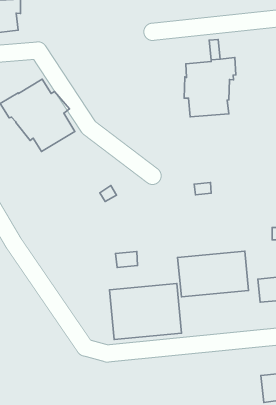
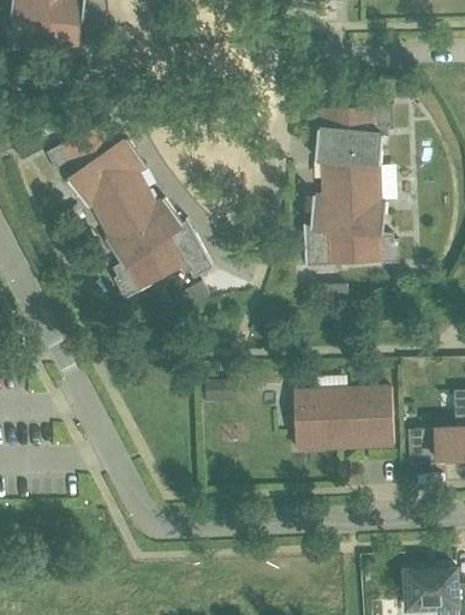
building: none -> [304,185,399,267]
building: none -> [103,197,214,299]
building: [110,284,181,340] -> none

